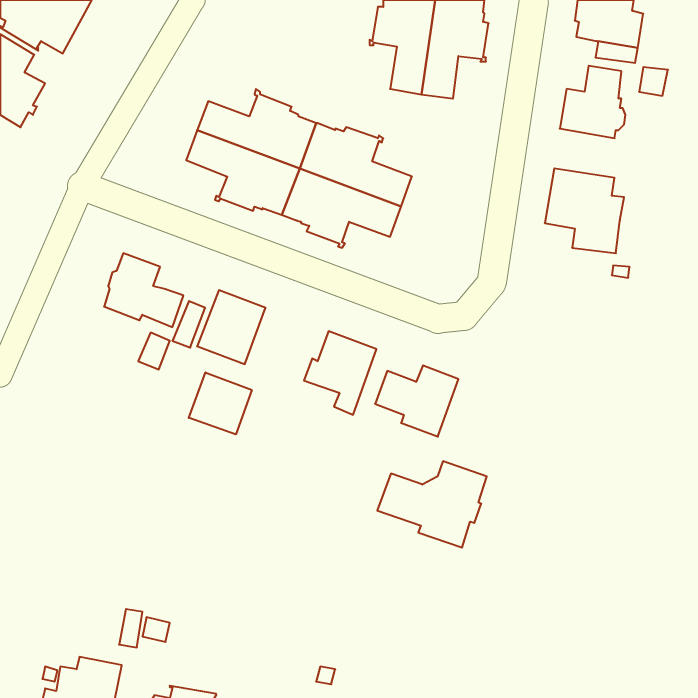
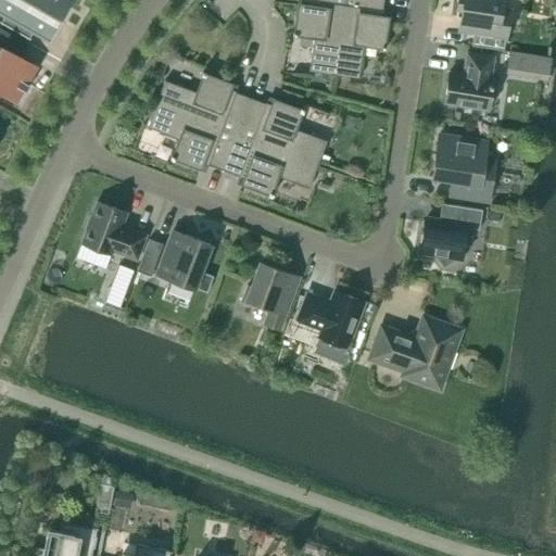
building: none -> [422,204,483,267]
building: [189,372,252,434] -> none
building: [377,461,487,548] -> [372,319,459,388]

